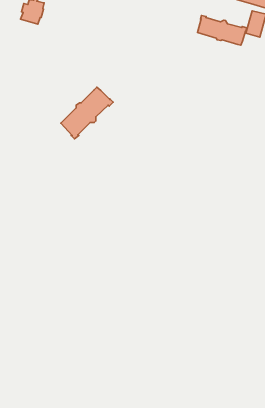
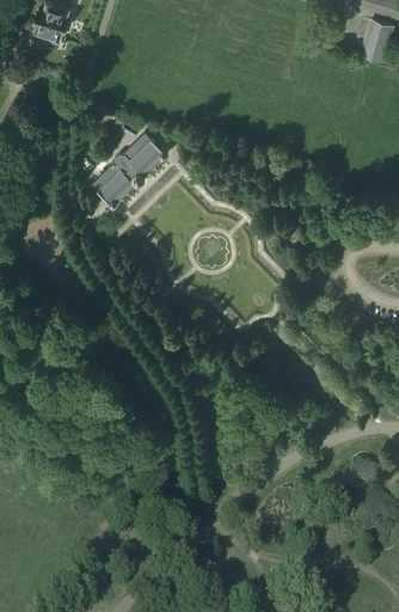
building: [198,16,247,45] -> none

